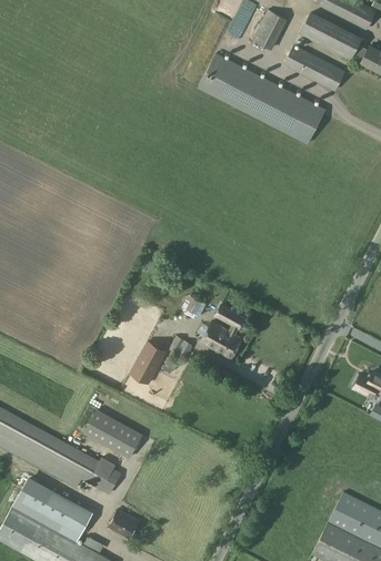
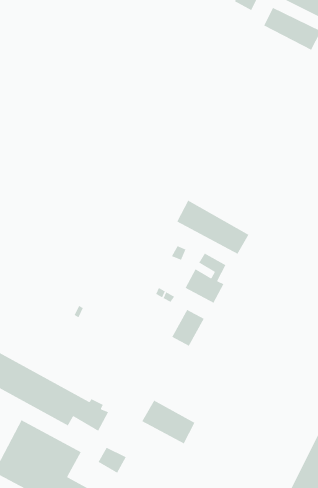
building: [200,52,327,143] -> none
building: none -> [176,200,249,255]
building: [131,341,167,381] -> [171,309,205,347]
building: [84,409,142,457] -> [141,399,196,444]

